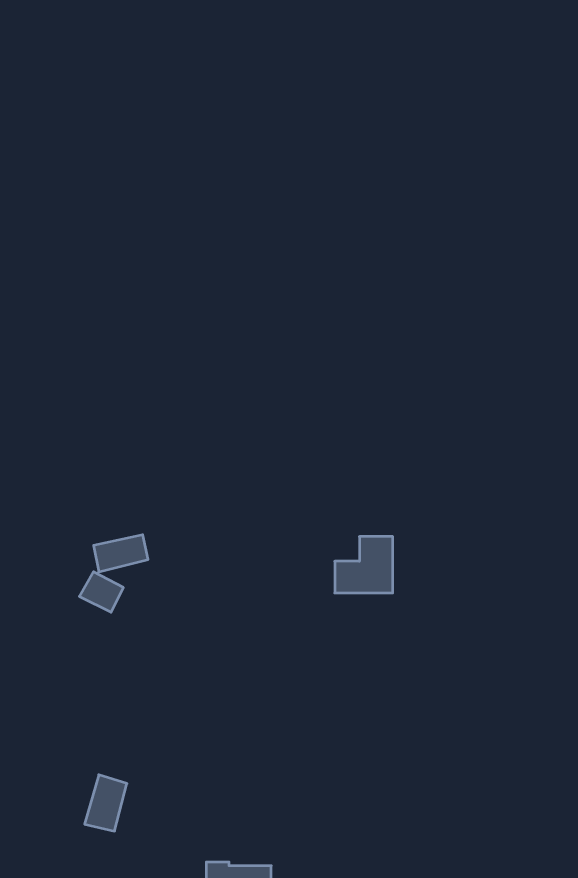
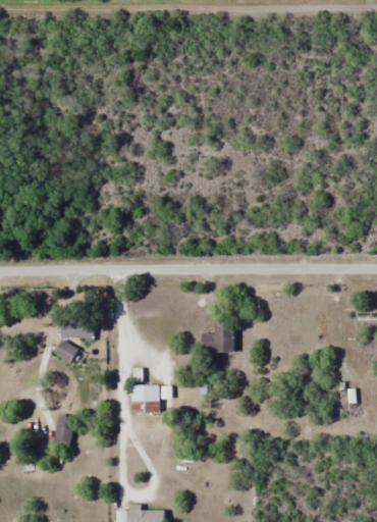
building: none -> [131,385,159,413]
building: [85,775,127,831] -> [52,414,76,447]

